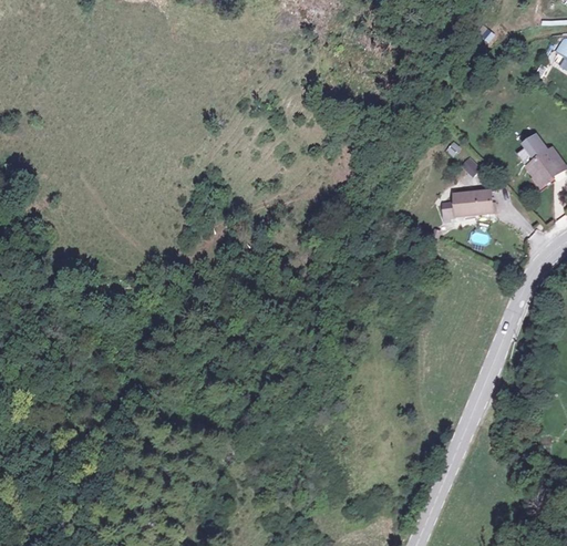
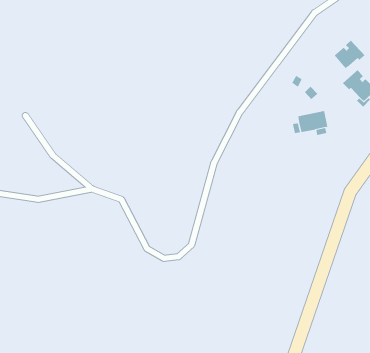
building: none -> [334,40,366,69]

